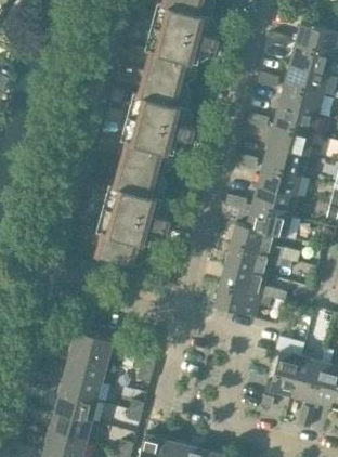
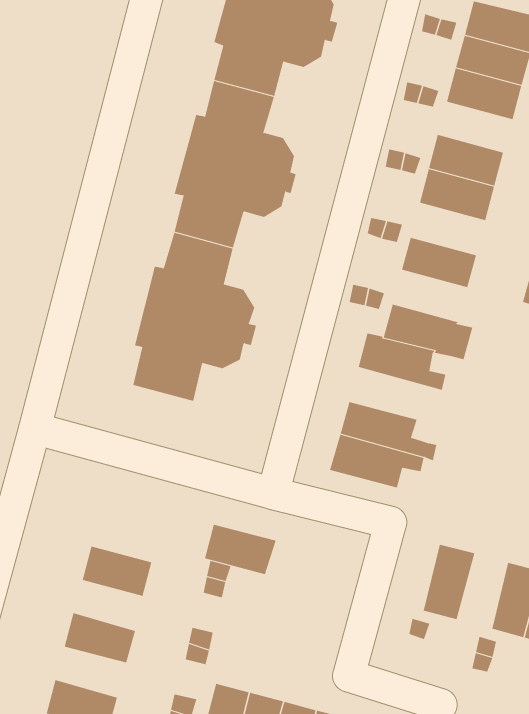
building: [278,84,324,115] -> none
building: [262,145,308,177] -> none
building: [251,185,297,217] -> none
building: [225,244,291,275] -> none
building: [70,330,114,361] -> [204,524,276,575]
building: [290,355,321,401] -> none
building: [60,371,102,402] -> none
building: [49,412,92,442] -> none

